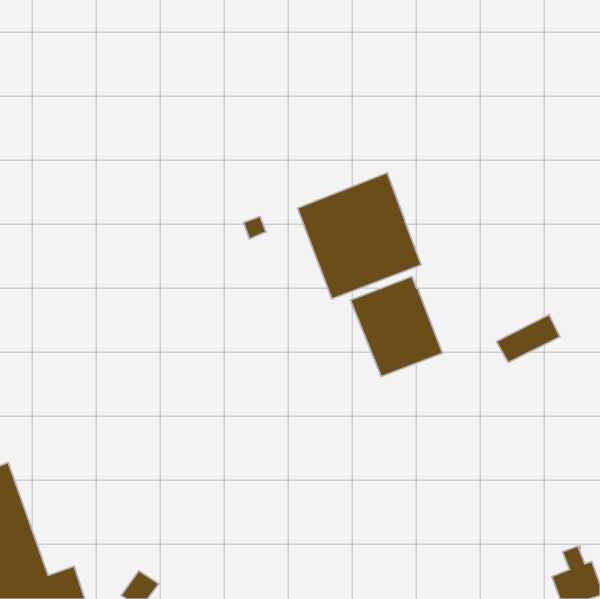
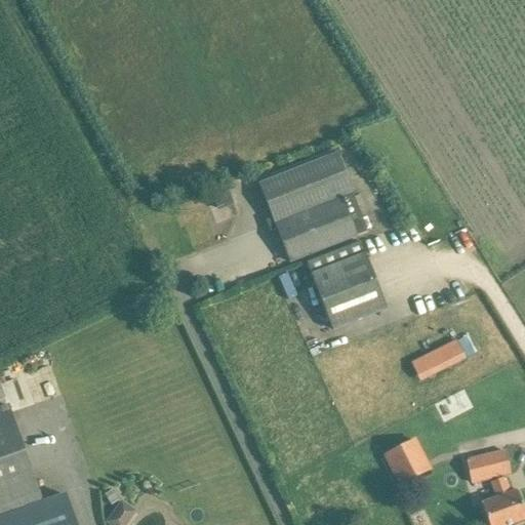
building: [496,314,560,363] -> [409,338,465,380]
building: none -> [385,439,429,483]
building: none -> [465,450,510,484]

